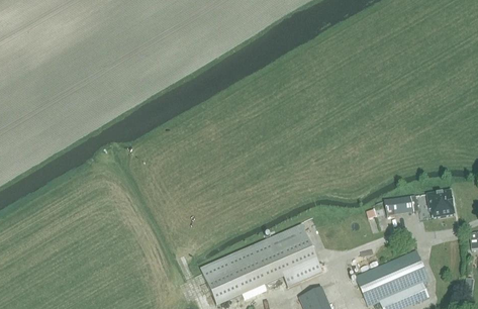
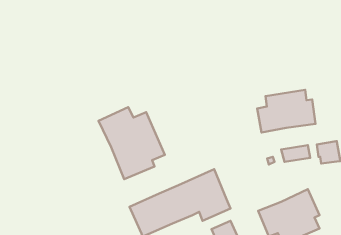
building: none -> [257,90,316,133]
building: none -> [99,107,165,179]

